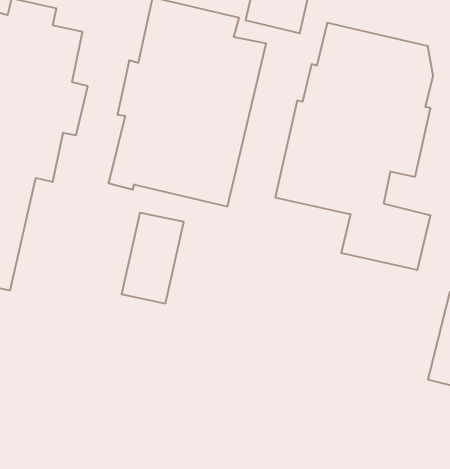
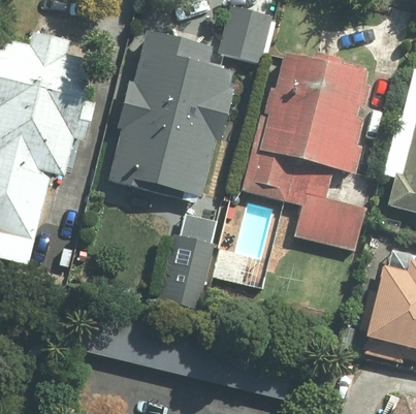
building: [122,213,184,303] -> [163,236,213,309]

